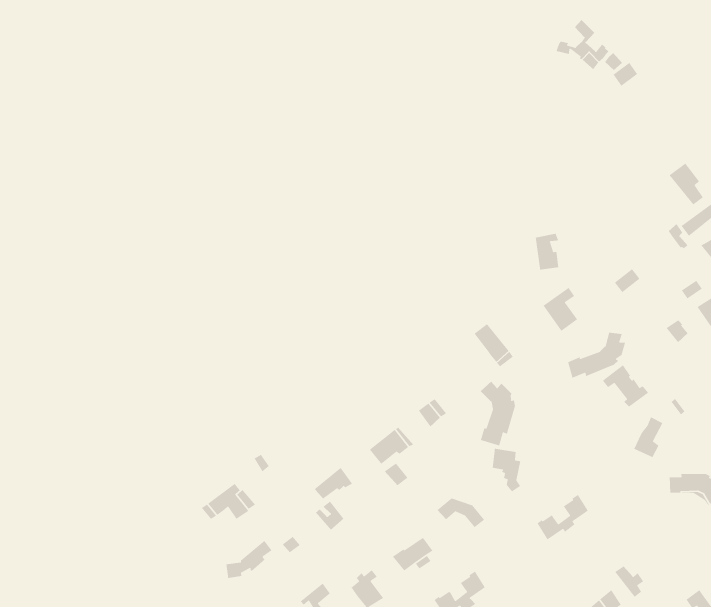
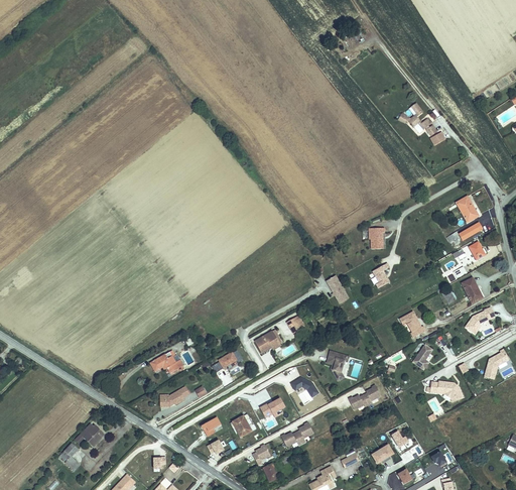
building: [567,332,626,379] -> none
building: [480,381,516,447] -> none

